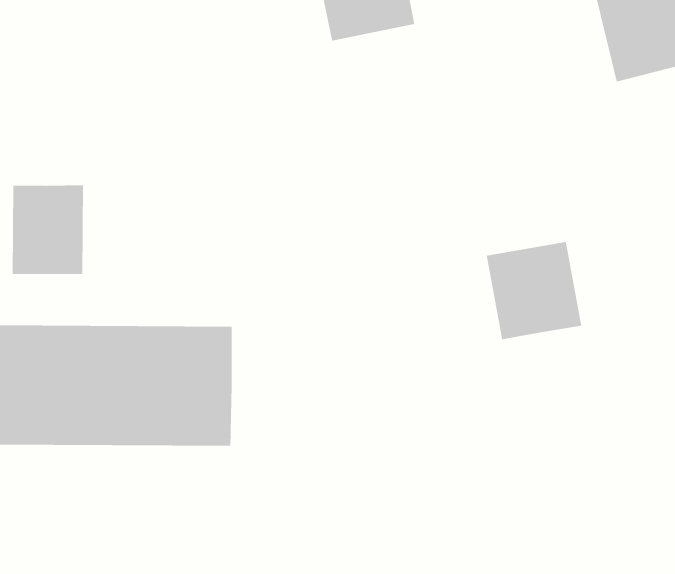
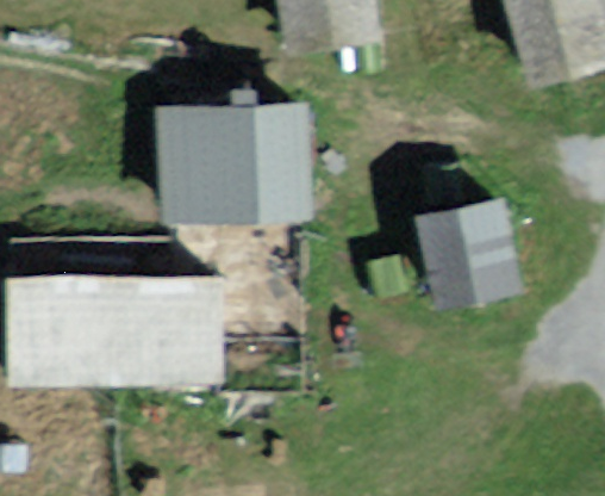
building: none -> [168,113,301,213]
building: [12,185,84,275] -> none

